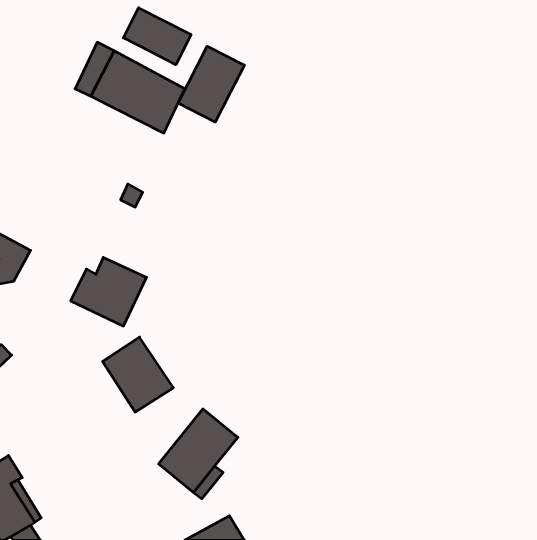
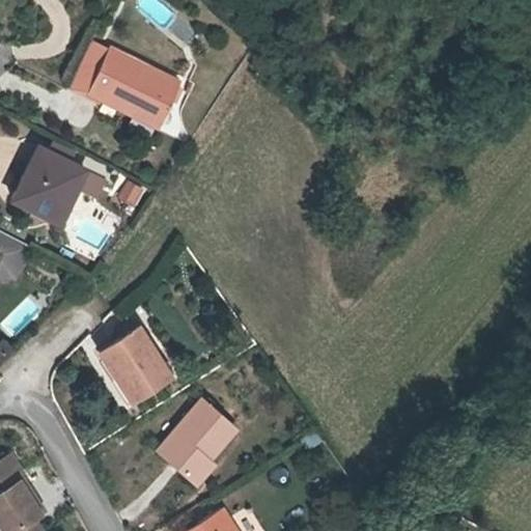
building: [123,8,191,65] -> none
building: [178,46,244,122] -> none
building: [71,257,147,326] -> [10,155,85,222]

